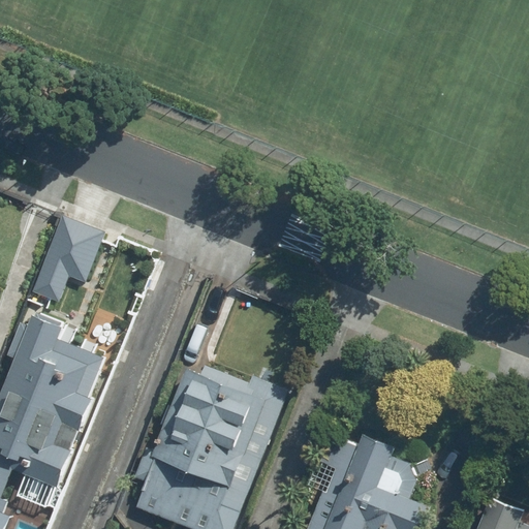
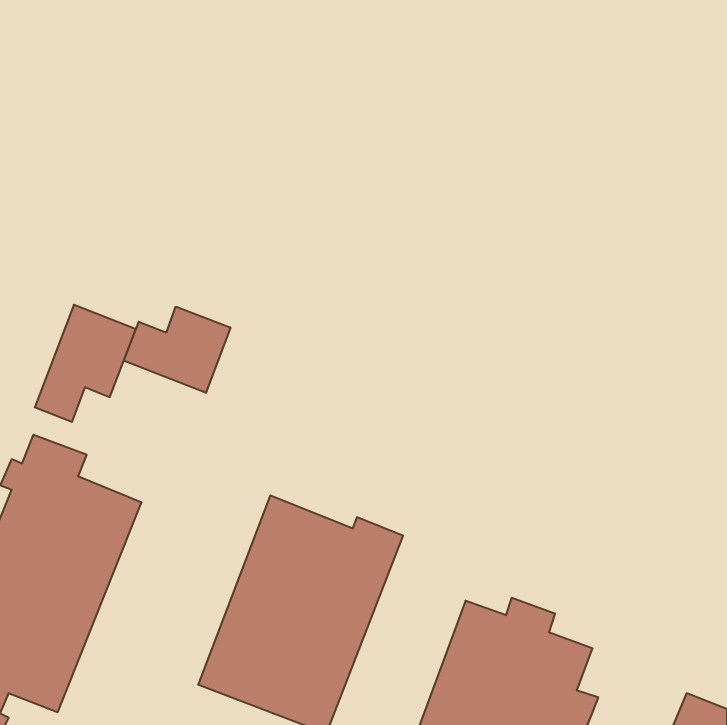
building: none -> [124,307,230,393]

